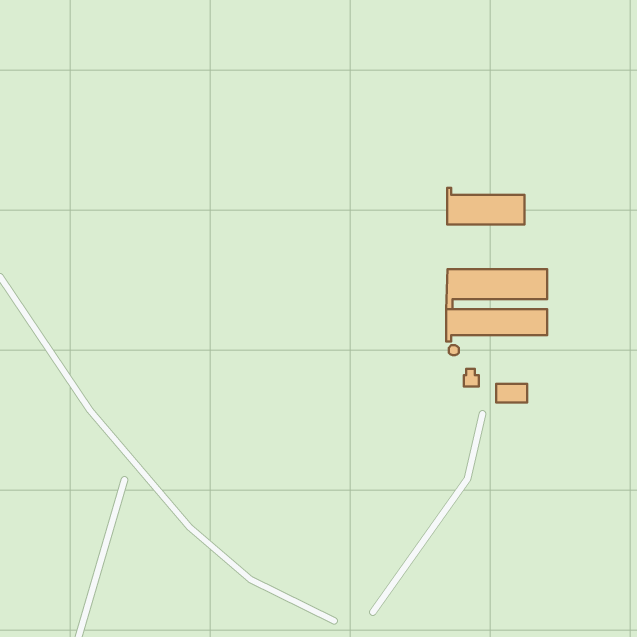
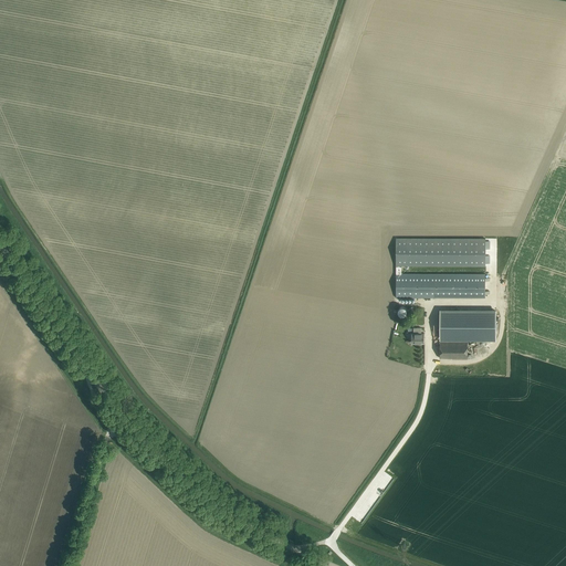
building: [447,188,524,224] -> none
building: none -> [440,310,485,338]

